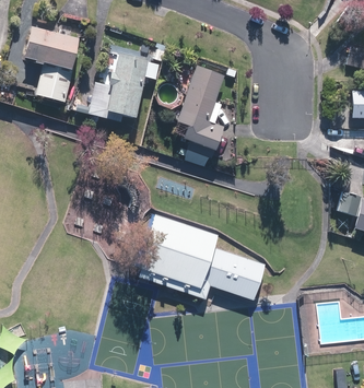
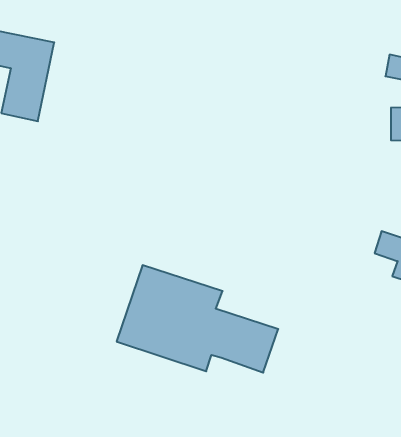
building: [92,51,150,121] -> none
building: [179,63,227,156] -> none

